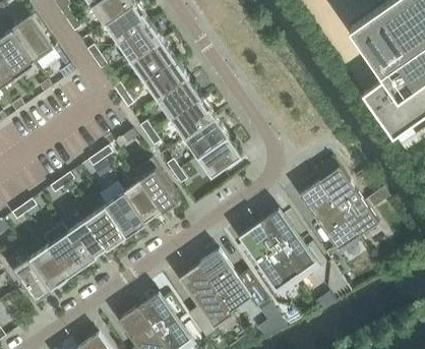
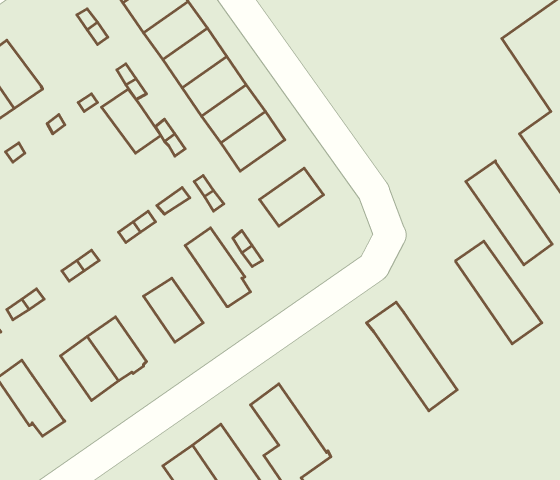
building: [12,17,53,61] -> [101,89,161,153]
building: [172,98,216,138] -> none
building: [198,135,243,177] -> none
building: [125,180,163,223] -> none
building: [299,180,358,251] -> [466,161,552,265]
building: [86,205,127,249] -> none
building: [239,223,301,296] -> none
building: [29,245,70,289] -> none
building: [198,250,268,311] -> none

